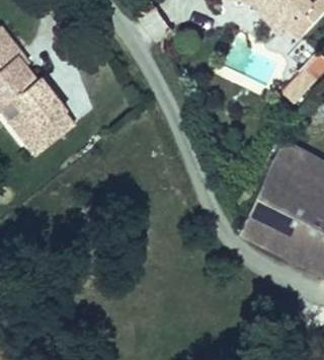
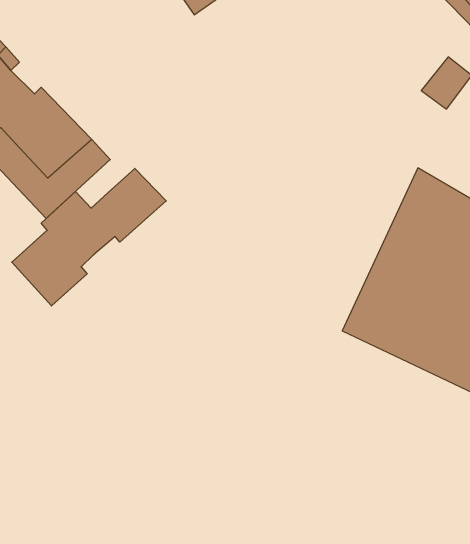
building: none -> [12,168,166,306]

